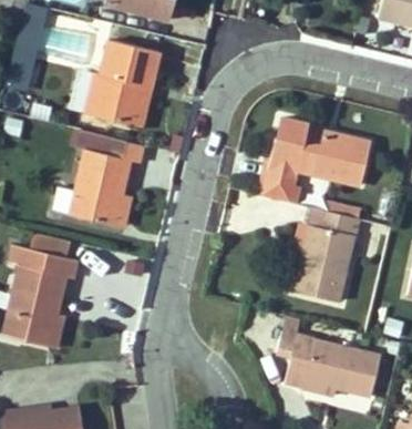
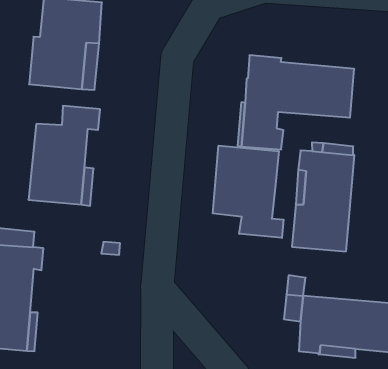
building: none -> [213,146,284,238]

